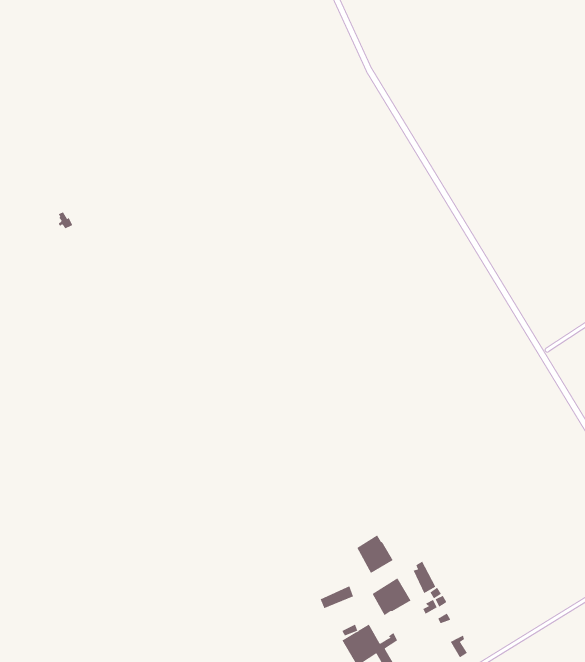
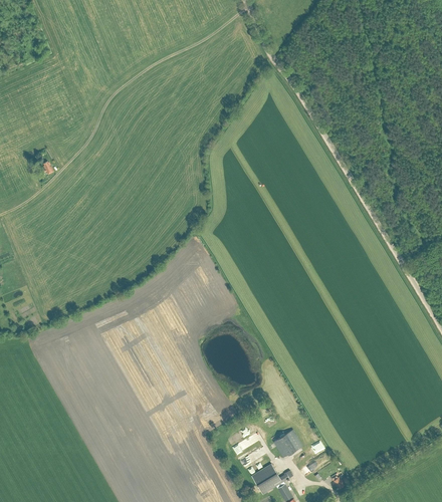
building: [356,535,394,574] -> none

